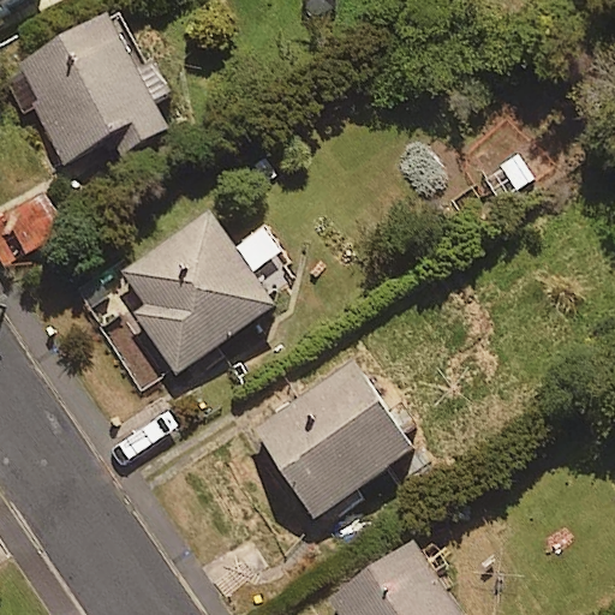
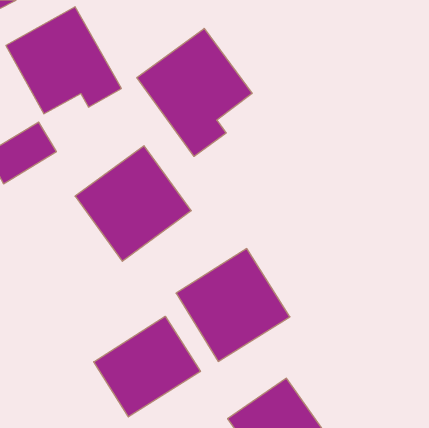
building: none -> [137,28,252,156]
building: none -> [94,316,200,417]

